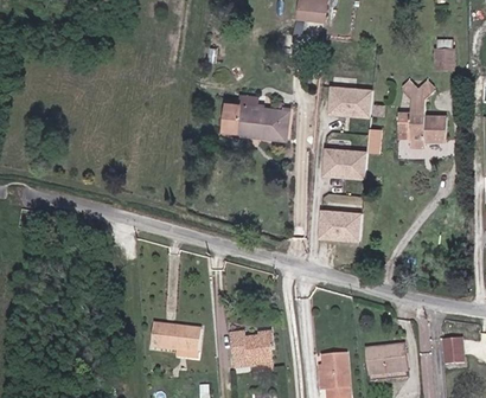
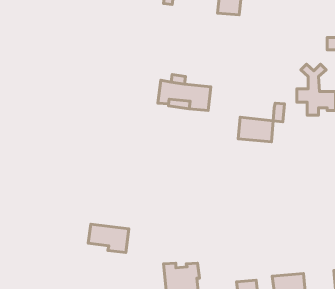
building: [330,86,373,117] -> none
building: [319,210,362,242] -> none
building: [151,322,202,358] -> [88,224,129,253]

